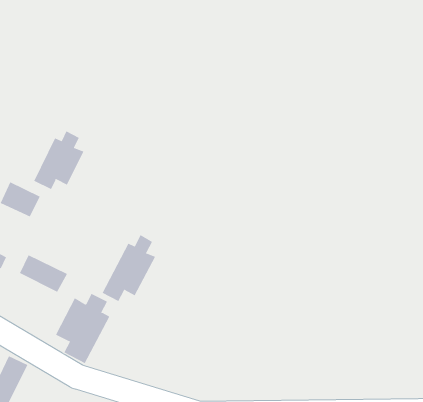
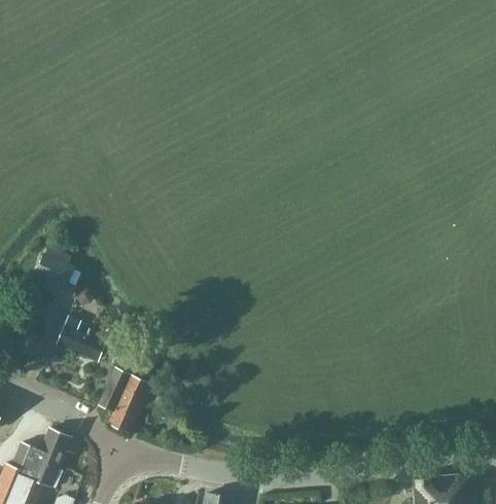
building: [34,130,84,190] -> none
building: [102,234,156,302] -> none

